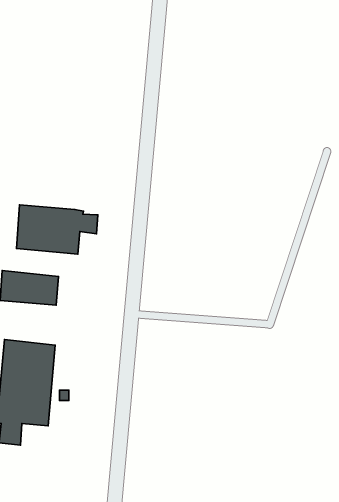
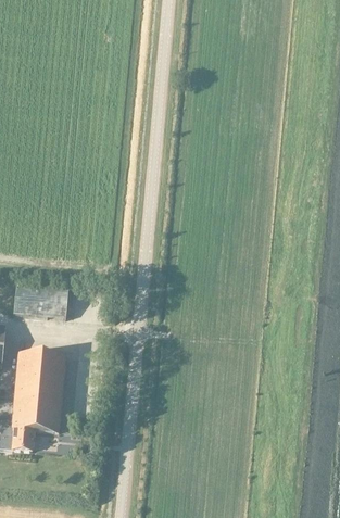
building: [17,205,98,254] -> none

